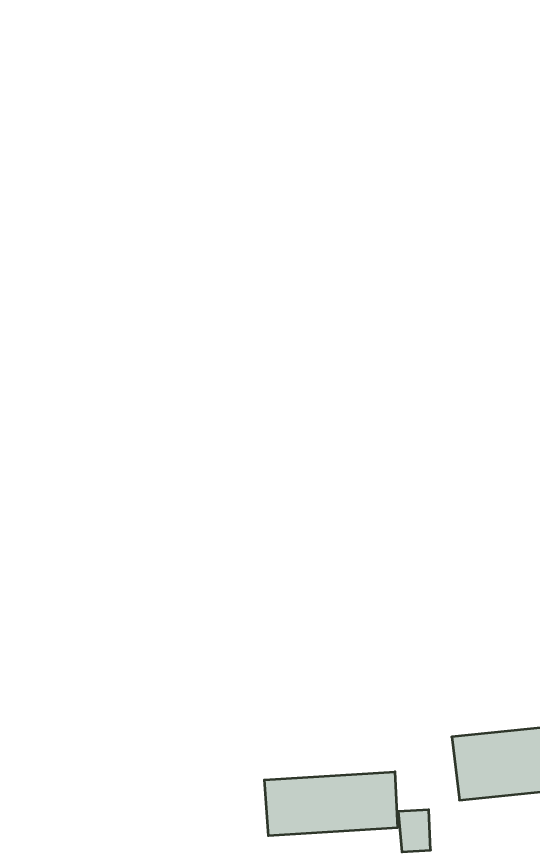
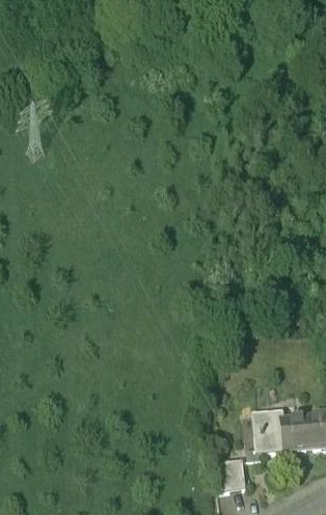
building: [264,772,397,836] -> none

